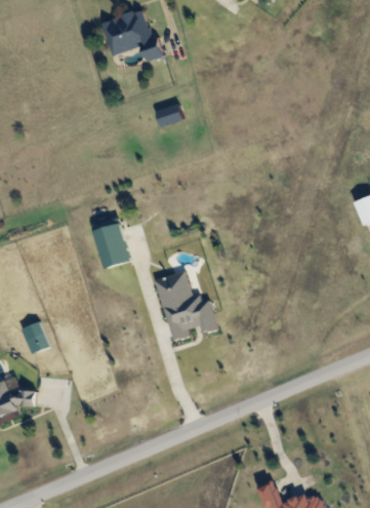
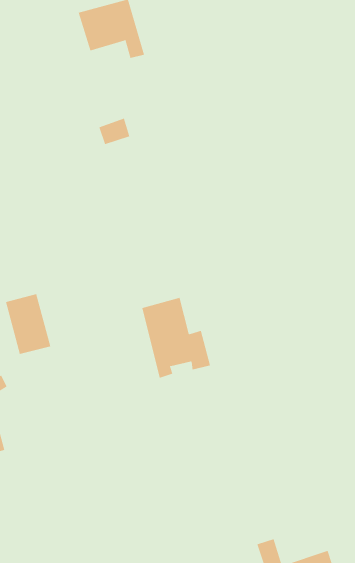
building: [155,104,182,127] -> [98,118,130,145]
building: [90,217,130,270] -> [5,293,51,355]

